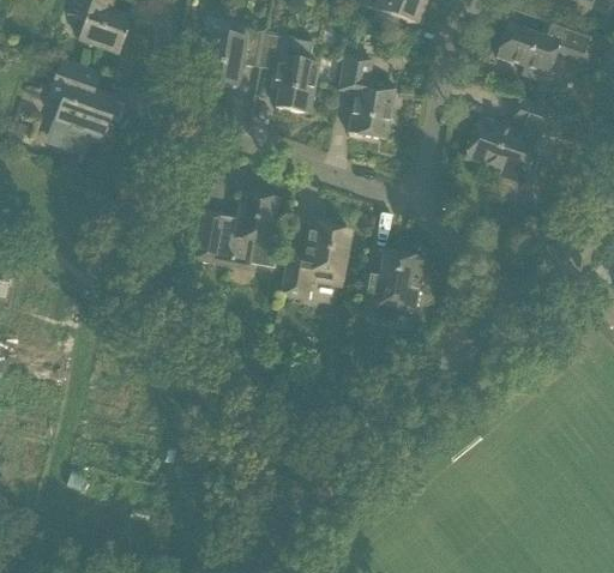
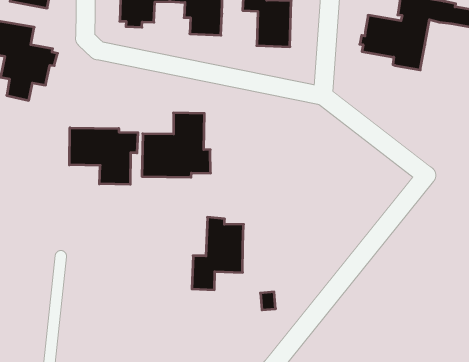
building: none -> [69,128,138,184]
building: [282,217,351,300] -> [192,217,244,290]
building: [359,252,423,320] -> none

